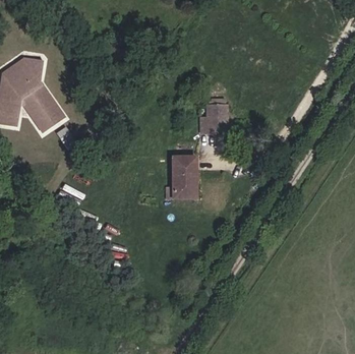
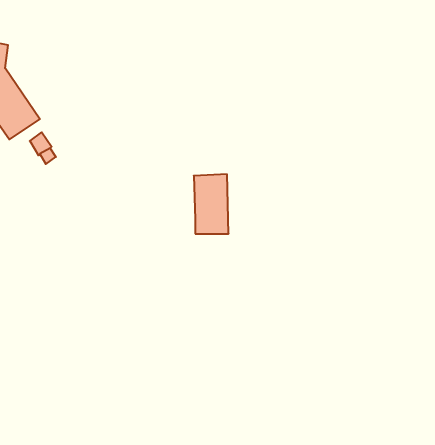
building: [206,104,227,131] -> none

